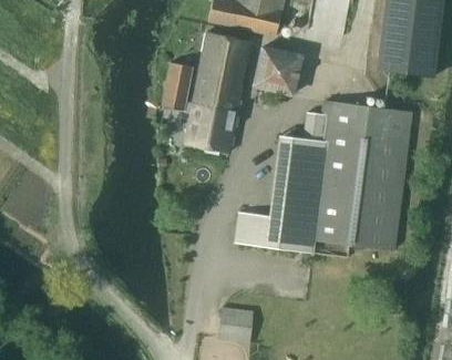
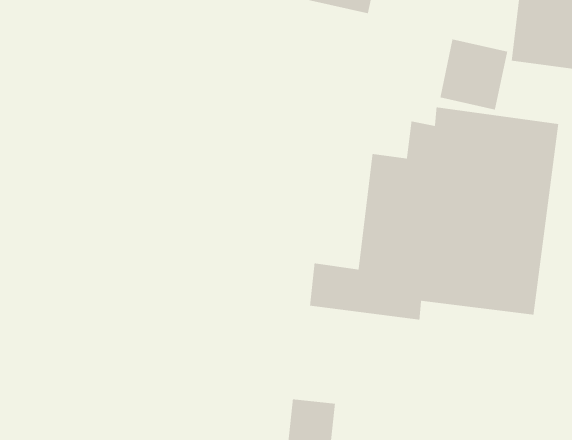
building: [162,32,250,153] -> none
building: [255,45,304,96] -> [439,39,508,110]

